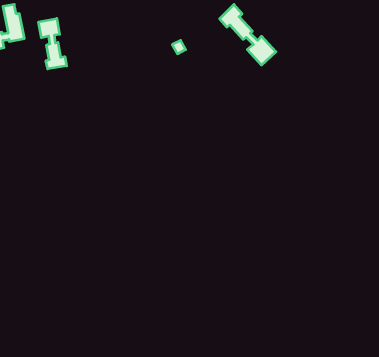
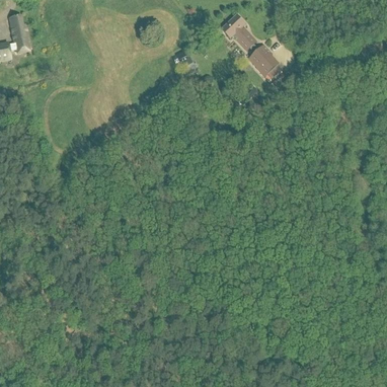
building: [39,18,67,69] -> none

